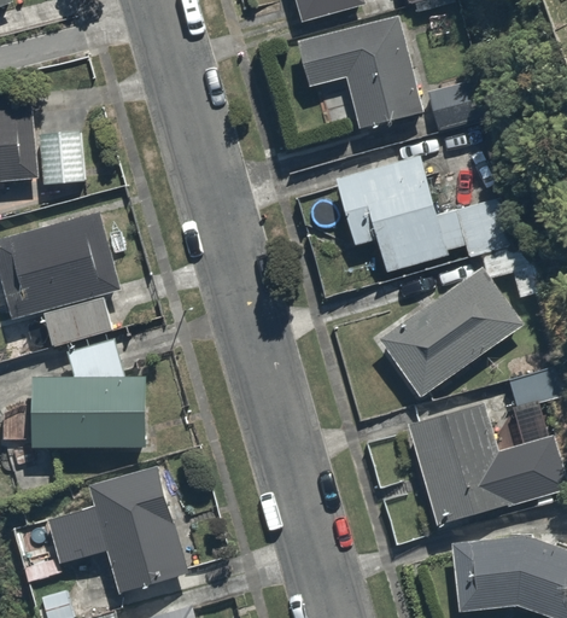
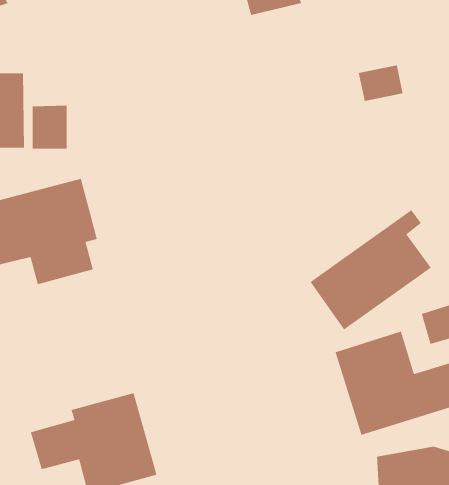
building: [291,16,426,126] -> none
building: [333,153,505,276] -> none
building: [34,339,147,450] -> none

